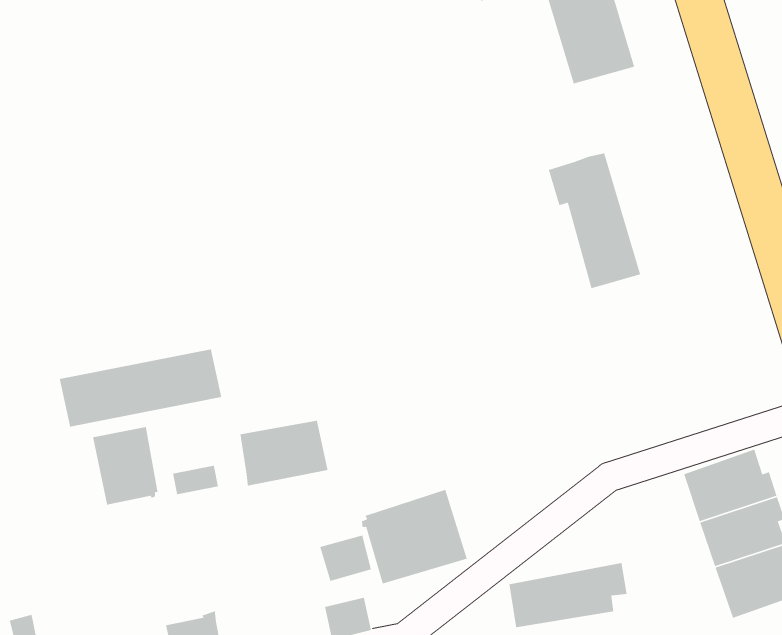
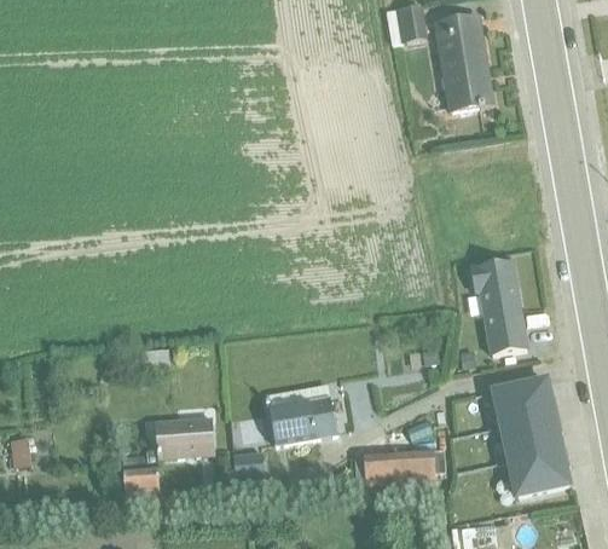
building: [548,153,641,289] -> [470,260,527,354]
building: [59,349,222,427] -> none
building: [240,420,329,487] -> [156,416,215,457]
building: [92,426,159,506] -> none

